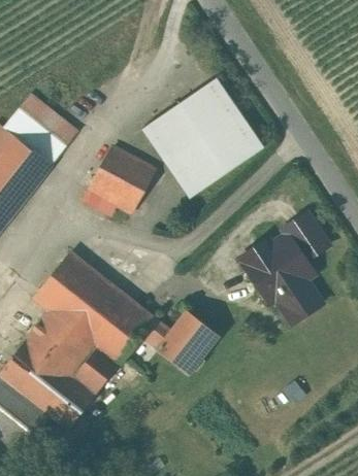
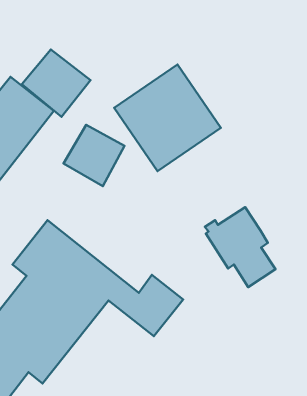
building: none -> [22,50,90,117]
building: [284,215,327,262] -> none

